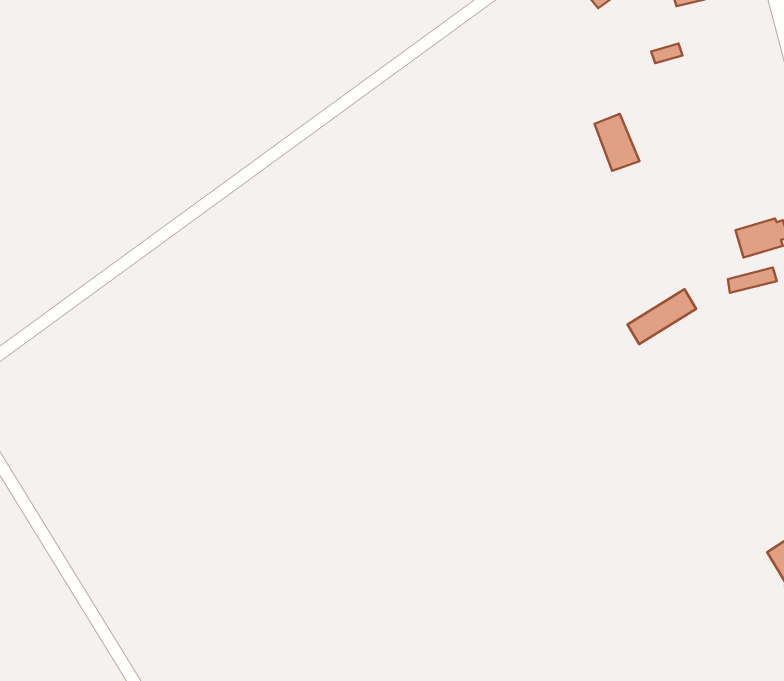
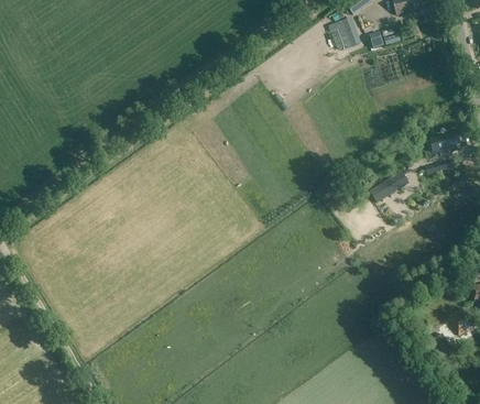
building: [594,114,640,171] -> [336,15,361,47]

